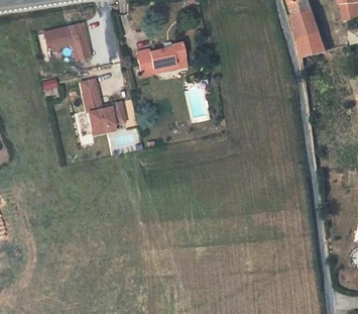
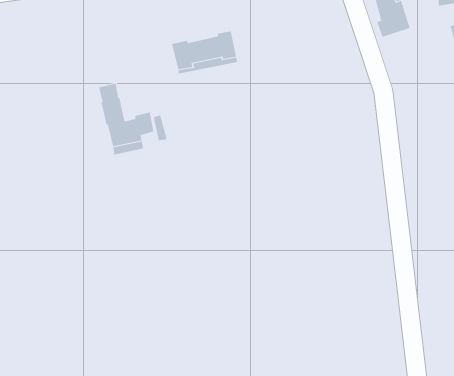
building: [42,22,88,59] -> none
building: [296,36,325,61] -> none

